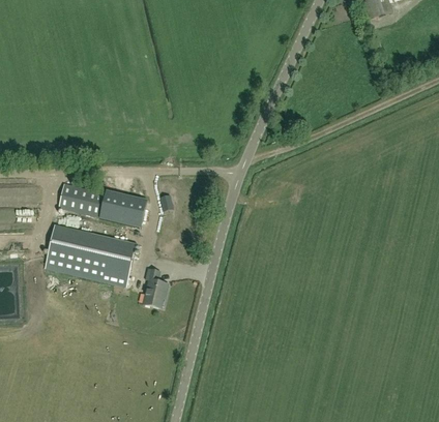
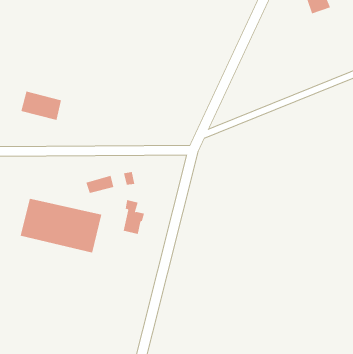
building: [58,183,105,216] -> [20,91,62,120]
building: [143,268,168,307] -> [123,200,145,235]

